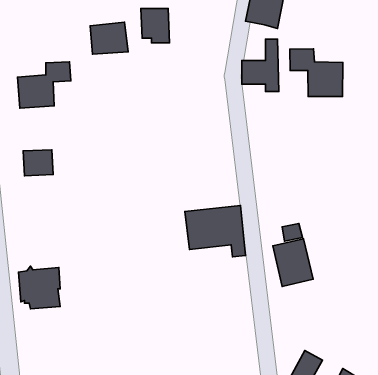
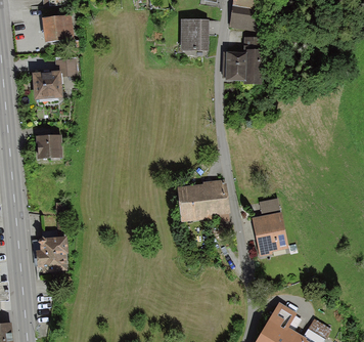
building: [141,9,169,43] -> [181,20,206,50]
building: [90,22,128,54] -> [42,14,75,42]
building: [290,49,343,97] -> none

